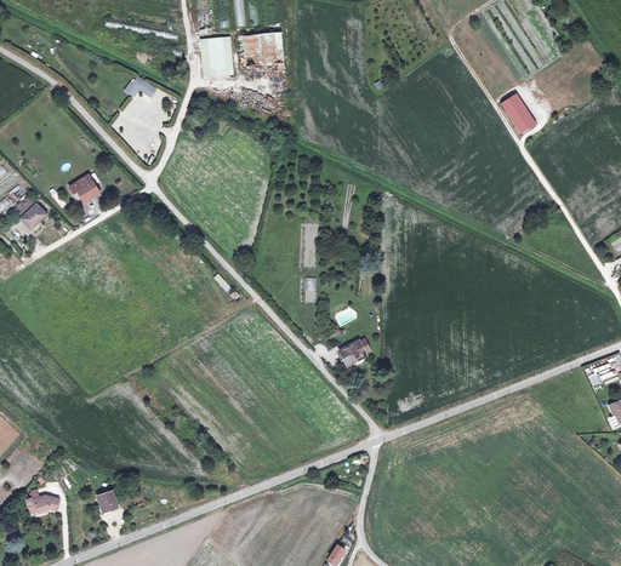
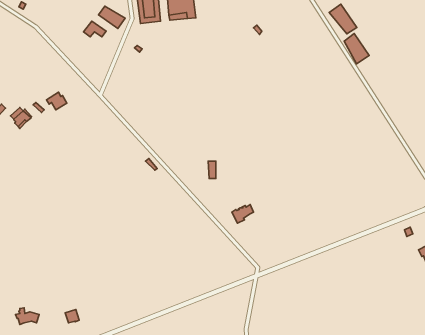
building: none -> [329,4,357,34]
building: none -> [98,6,125,29]

